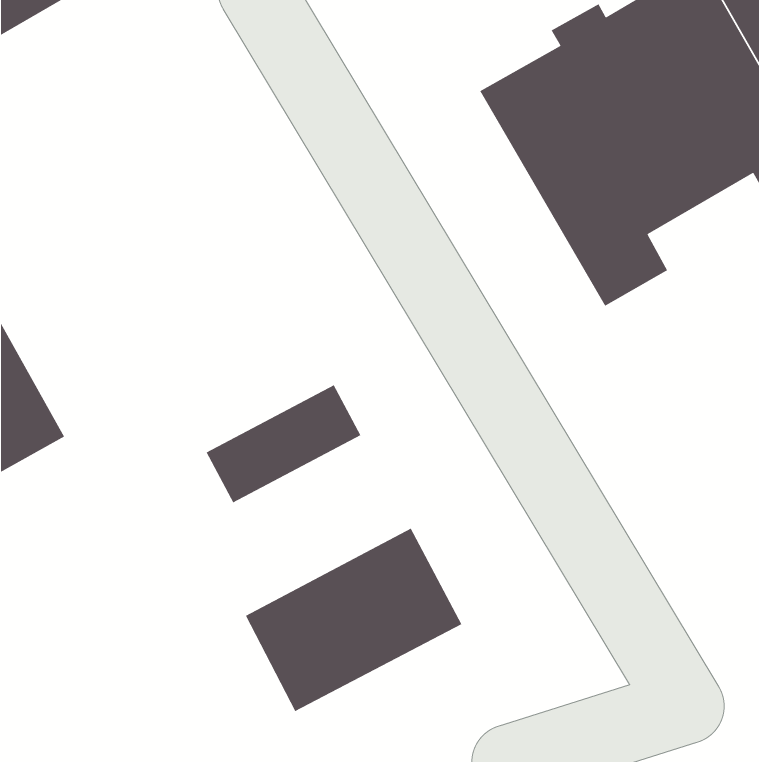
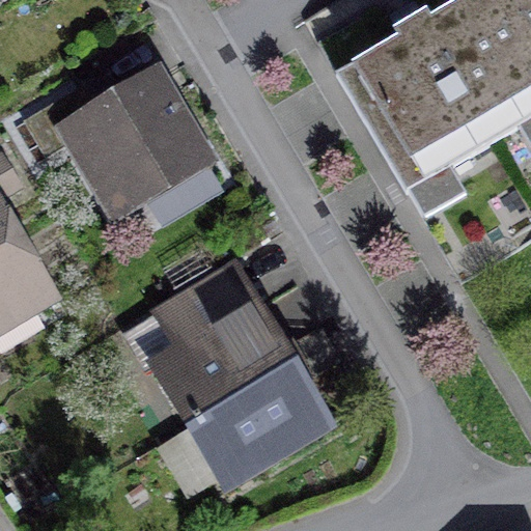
building: none -> [65,75,225,228]
building: none -> [143,299,291,422]

